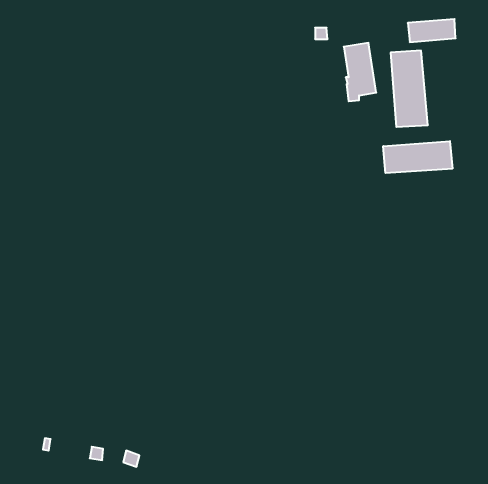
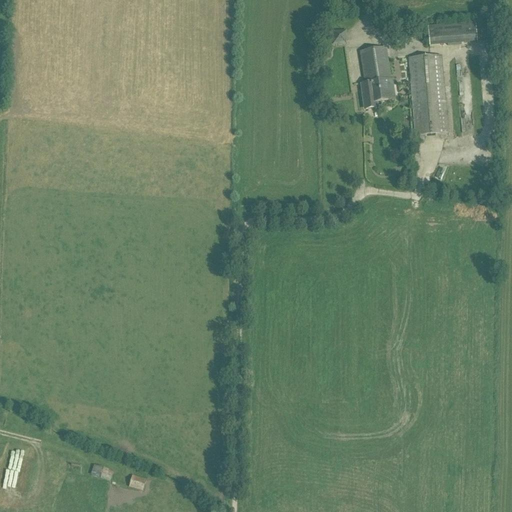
building: [383,141,452,173] -> none

